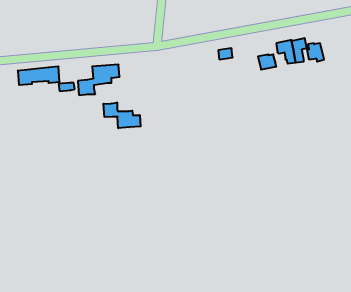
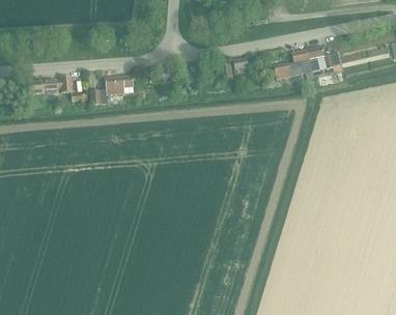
building: [103,102,141,128] -> none

